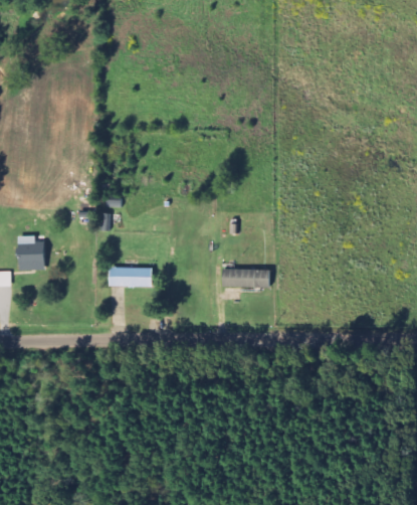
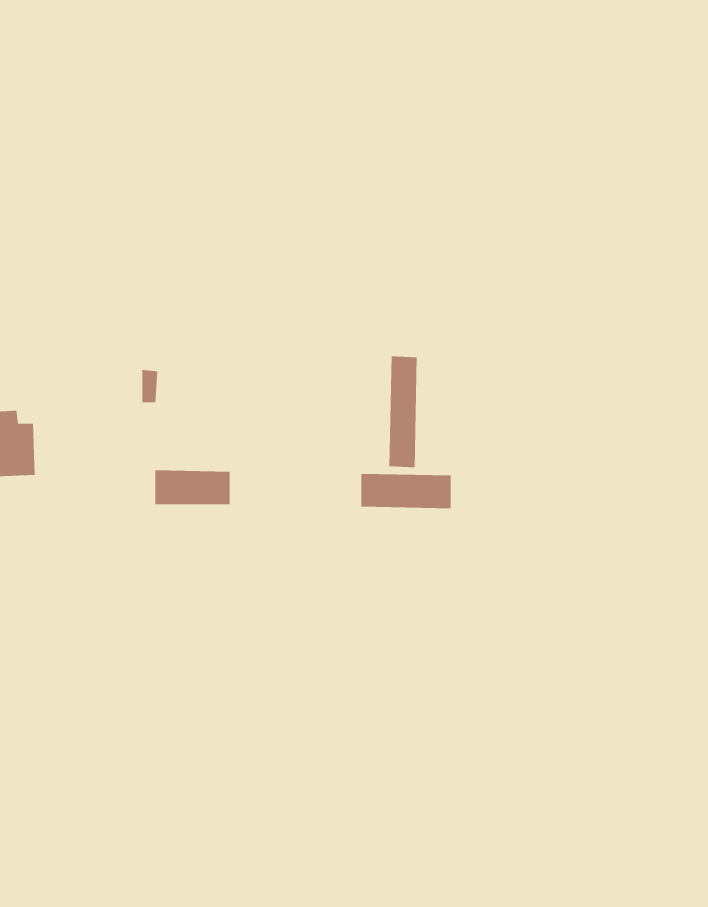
building: none -> [389,355,417,468]

